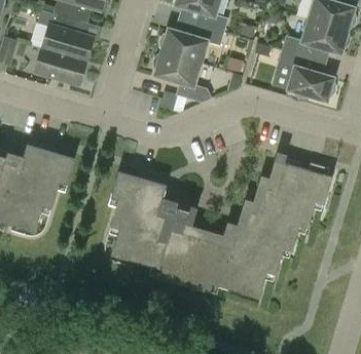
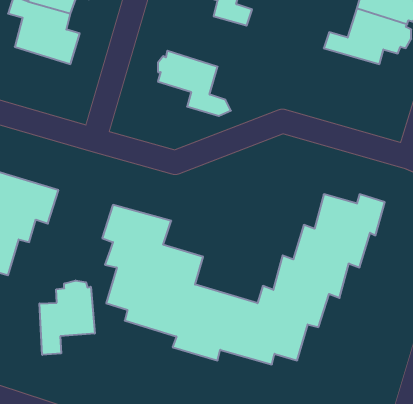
building: [159,24,222,63] -> none
building: [35,47,85,84] -> none
building: [278,48,335,100] -> none
building: none -> [40,280,95,355]

